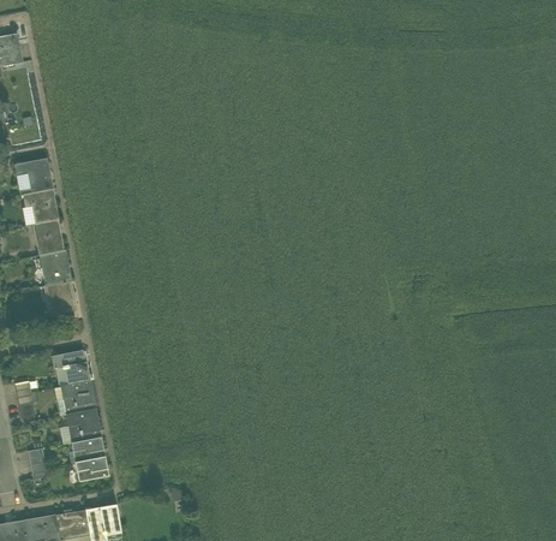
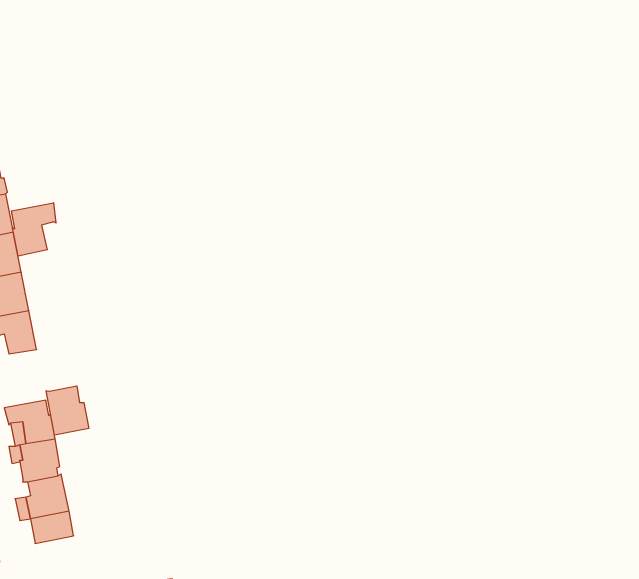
building: none -> [11,203,56,256]
building: none -> [46,386,89,435]
building: [74,454,109,481] -> none

